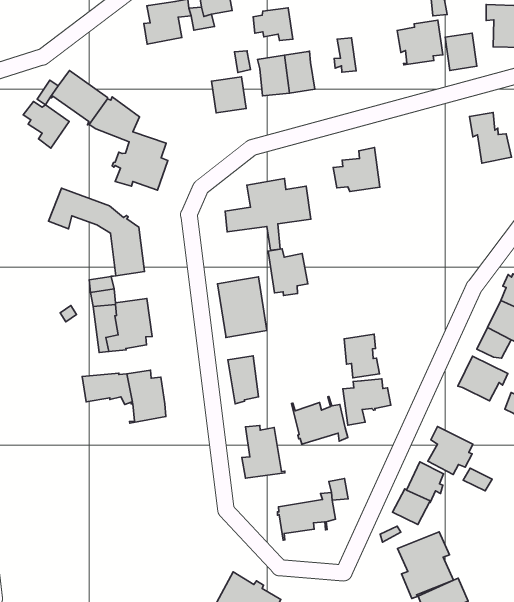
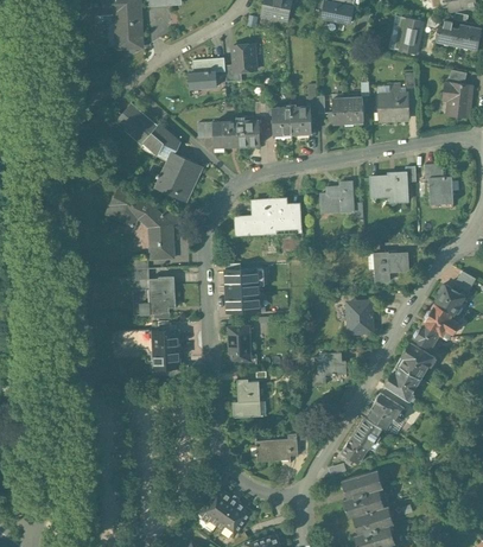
building: [253,8,293,40] -> none
building: [445,33,477,70] -> [343,97,364,123]
building: none -> [214,121,237,146]
building: [23,101,69,148] -> none
building: none -> [370,173,408,202]
building: none -> [375,253,409,282]
building: [268,249,308,296] -> none
building: [344,334,380,378] -> [349,301,373,332]
building: none -> [385,364,420,401]
building: [292,396,348,444] -> none

